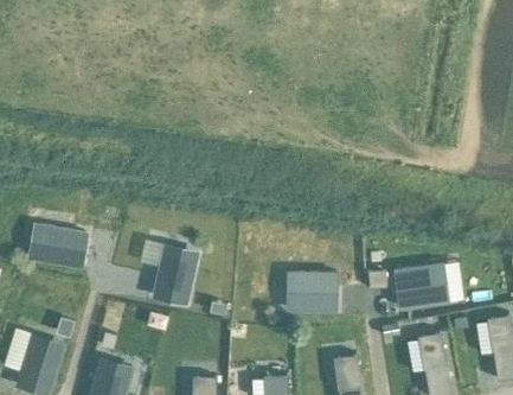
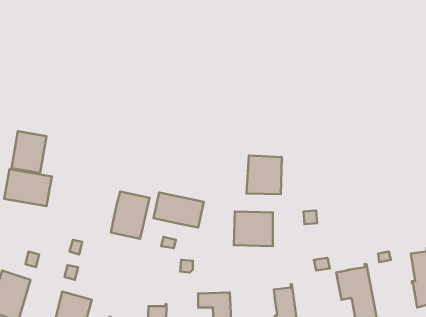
building: none -> [11,131,47,173]
building: none -> [246,156,282,194]
building: none -> [153,192,204,227]
building: [395,263,442,308] -> none

